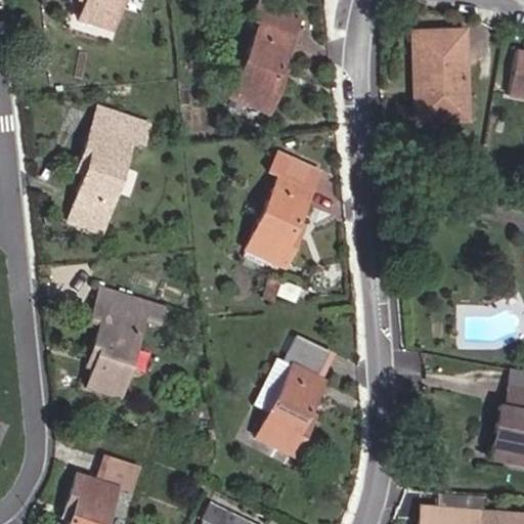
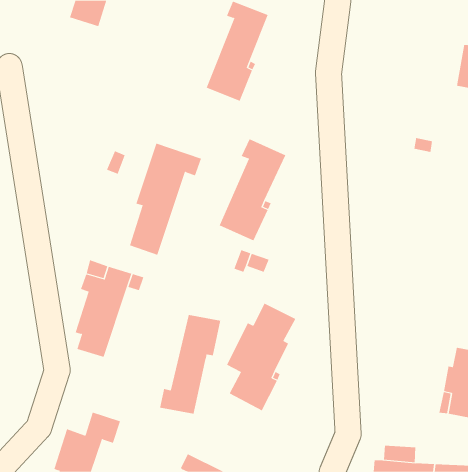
building: [414,31,468,120] -> none
building: [71,107,151,232] -> [129,143,202,255]
building: none -> [160,314,221,415]

